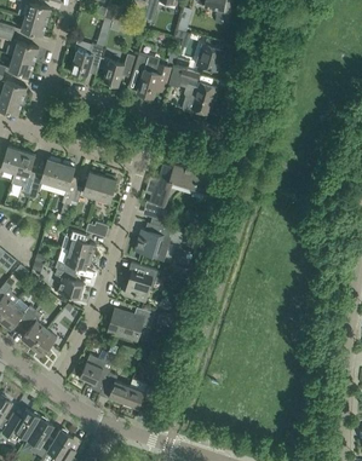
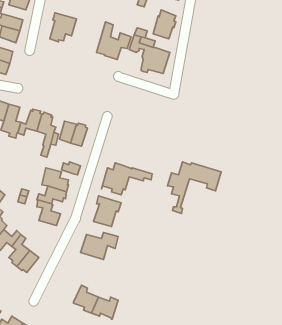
building: [103,53,134,86] -> none
building: [144,163,209,226] -> [168,162,221,214]
building: [79,350,116,392] -> none

